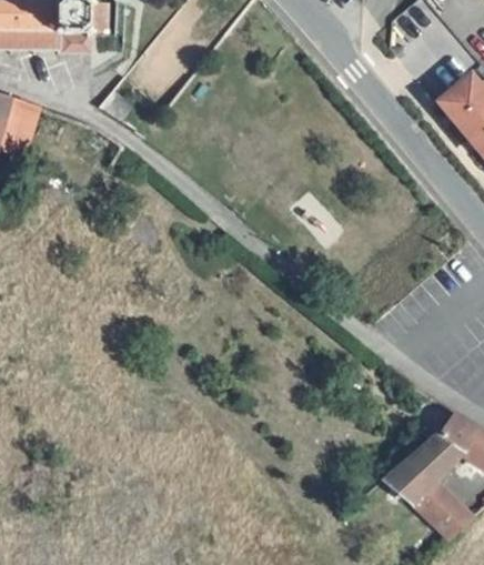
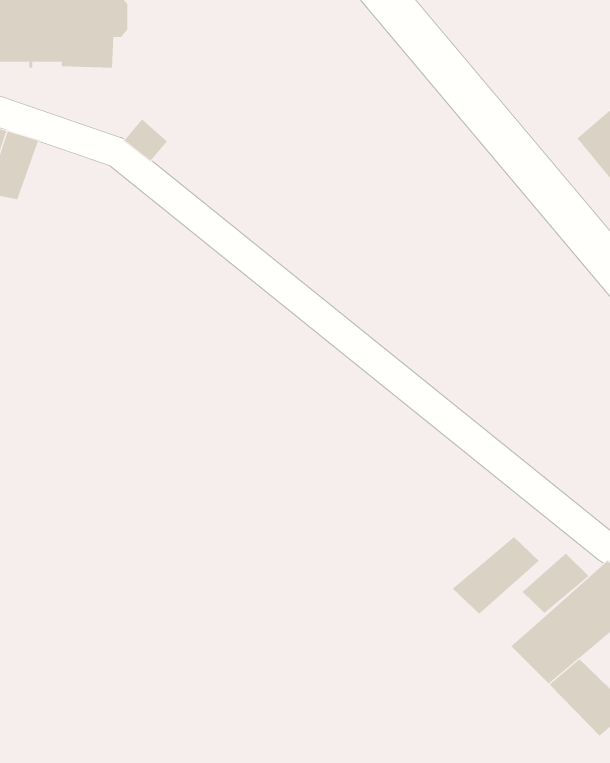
building: none -> [452,536,539,614]
building: none -> [522,553,589,614]

